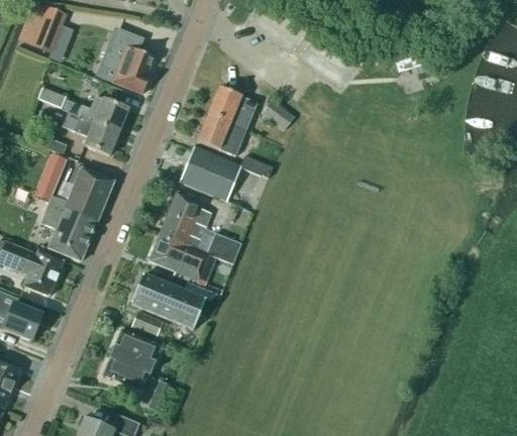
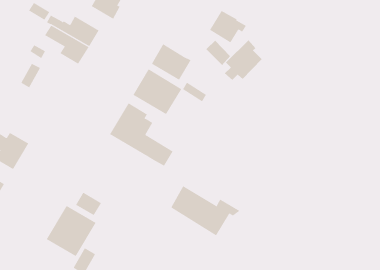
building: [208,87,253,125] -> [209,10,247,43]
building: none -> [224,39,262,81]
building: [40,167,113,260] -> none
building: [148,234,210,281] -> none
building: [131,274,217,329] -> [170,186,240,236]

